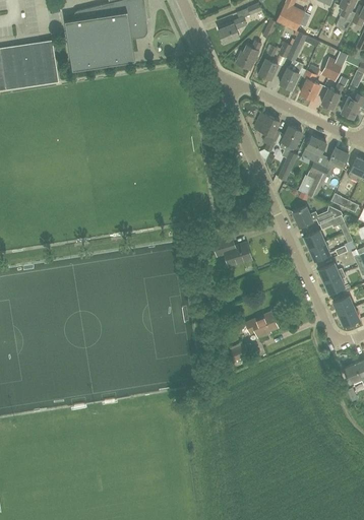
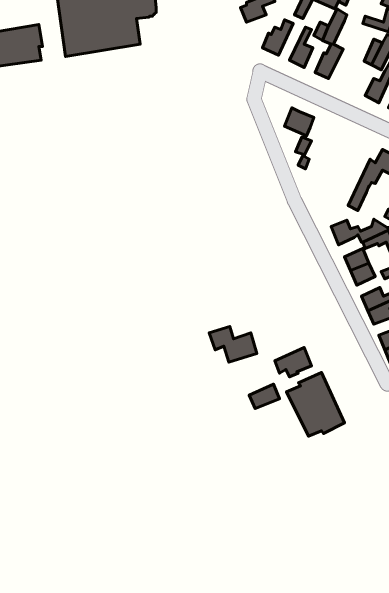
building: [300,64,319,99] -> none
building: [278,125,302,180] -> none
building: [303,136,325,179] -> none
building: [211,237,251,266] -> [209,327,257,362]
building: none -> [286,372,345,436]

